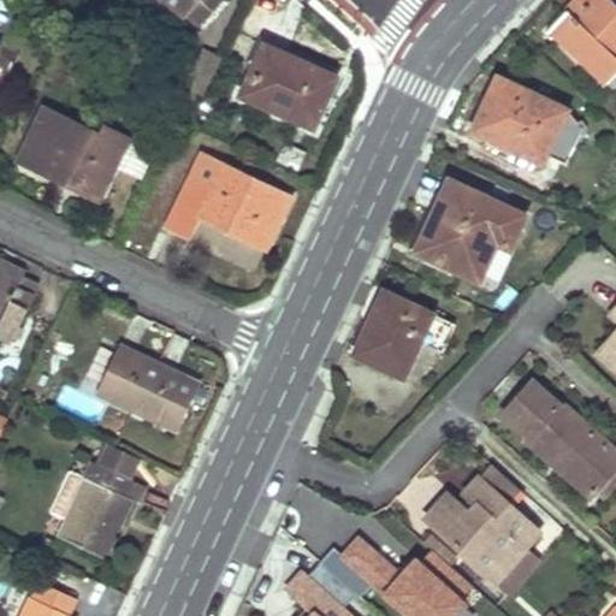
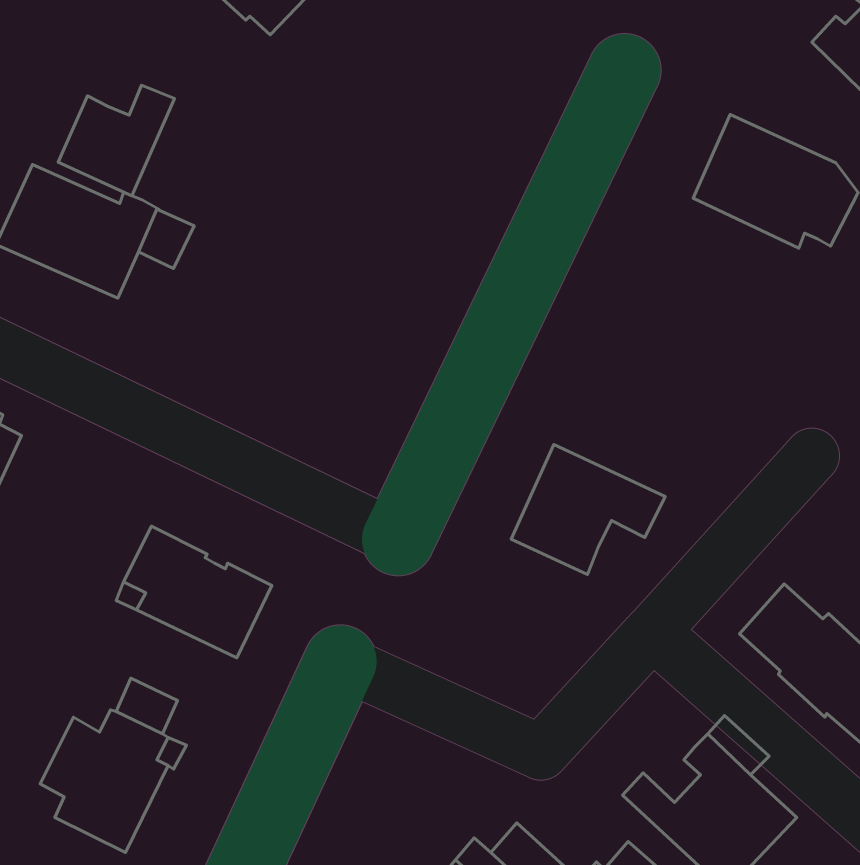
building: [239,41,336,129] -> none
building: none -> [58,85,175,196]
building: [168,153,289,247] -> none
building: [416,182,522,279] -> none

